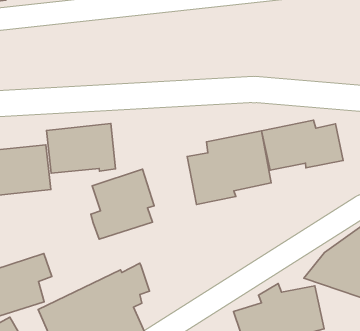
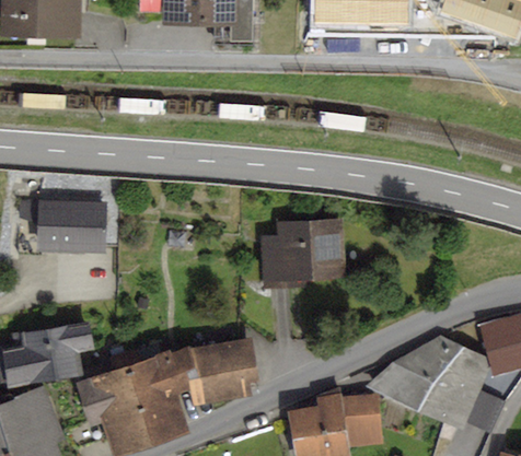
building: [261,120,343,170] -> none
building: [46,123,116,173] -> none
building: [91,169,154,239] -> [187,338,257,408]

